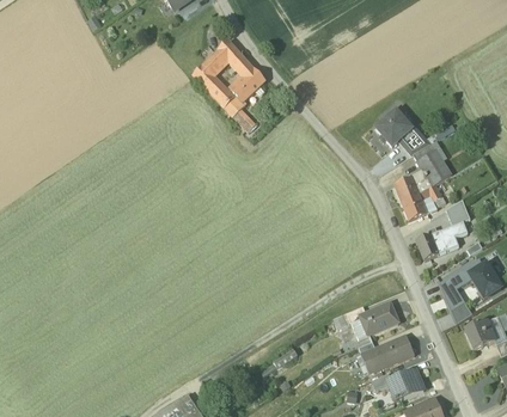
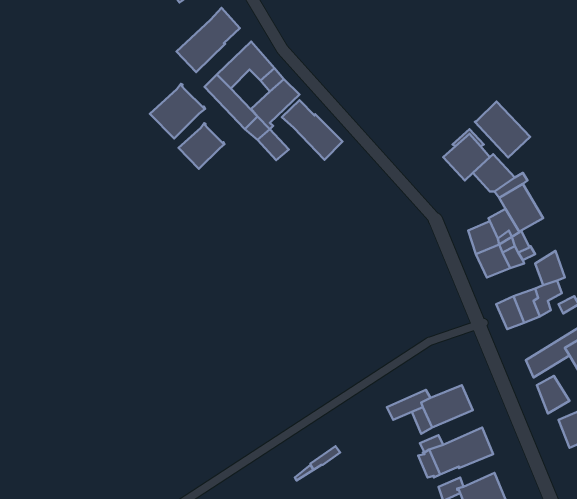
building: none -> [176,8,240,72]
building: none -> [150,84,205,139]
building: none -> [282,100,343,160]
building: none -> [475,102,530,157]
building: none -> [178,123,225,169]

